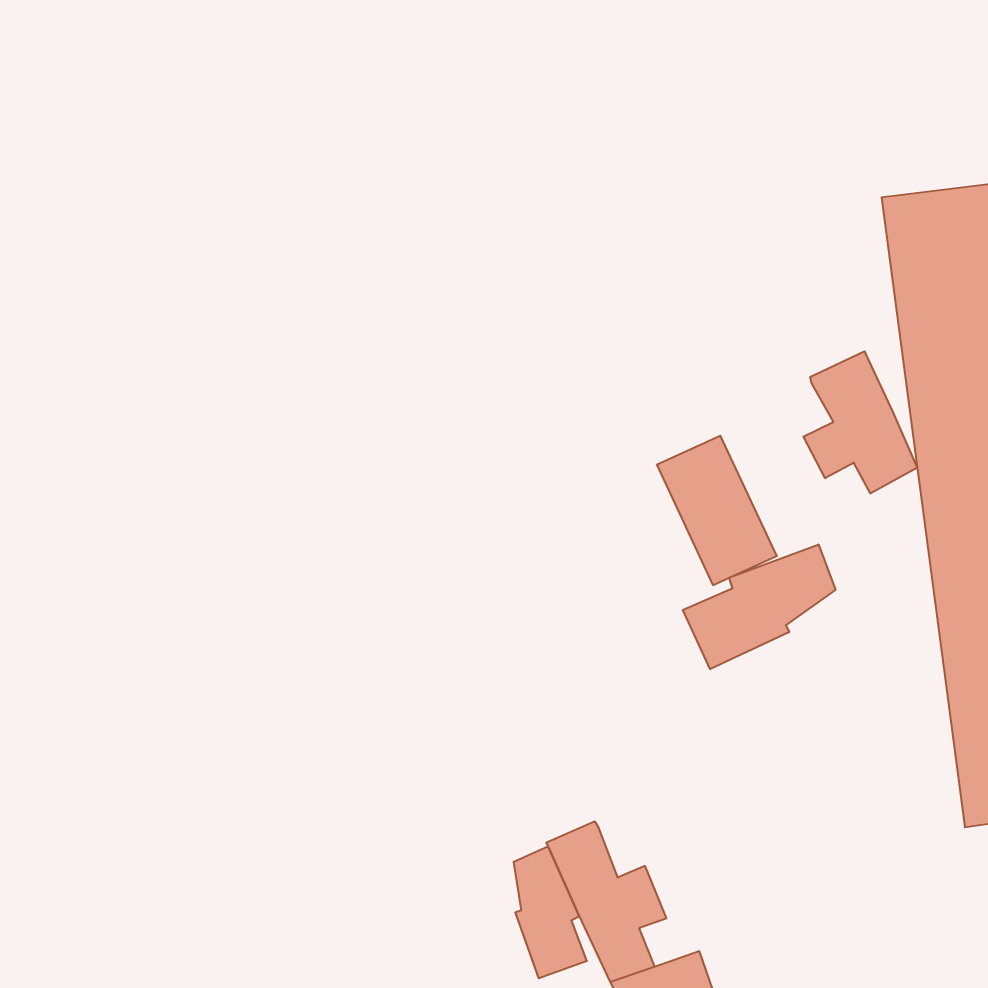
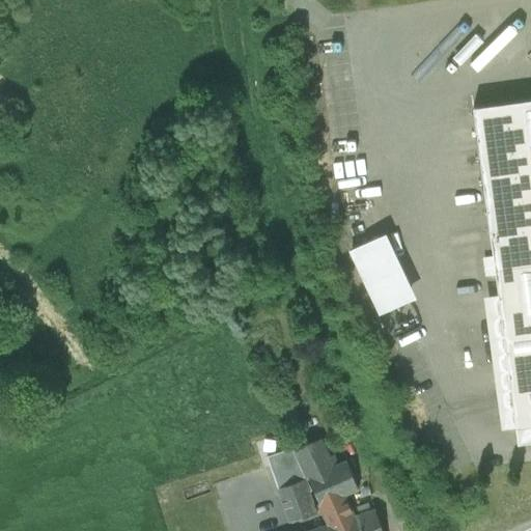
building: [803,351,917,493] -> none
building: [683,544,835,669] -> none

